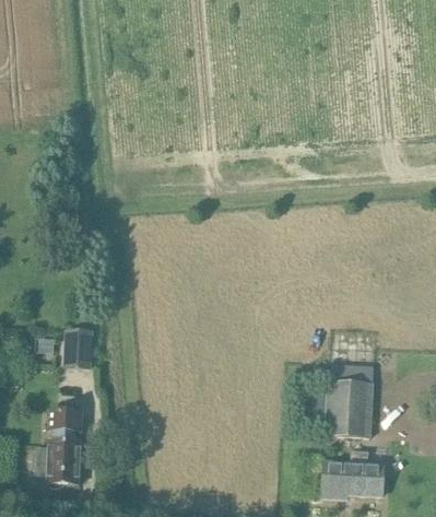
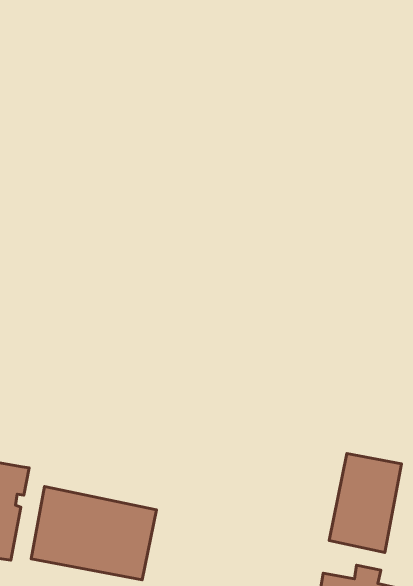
building: [64,330,93,367] -> none
building: none -> [31,487,156,580]

